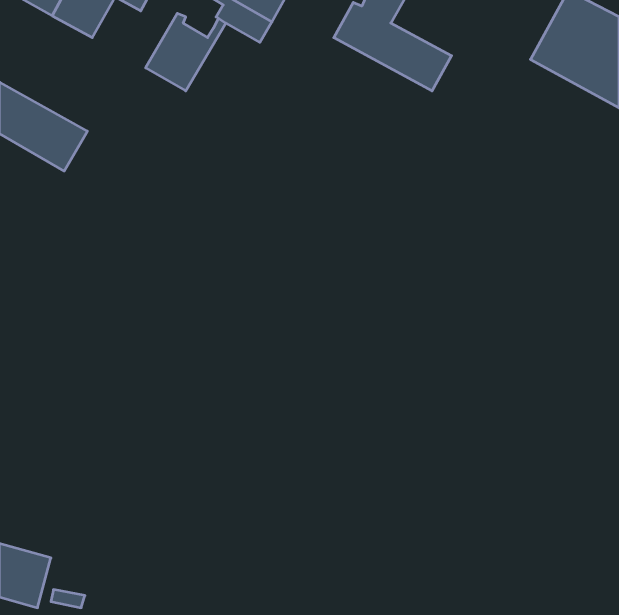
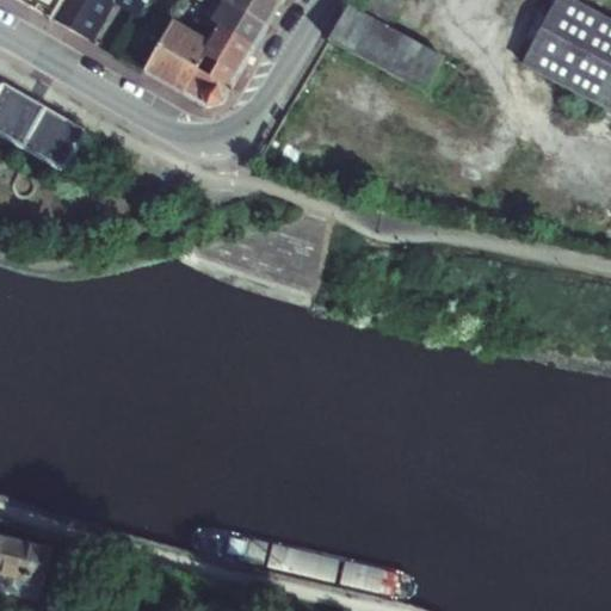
building: none -> [183,23,255,103]

